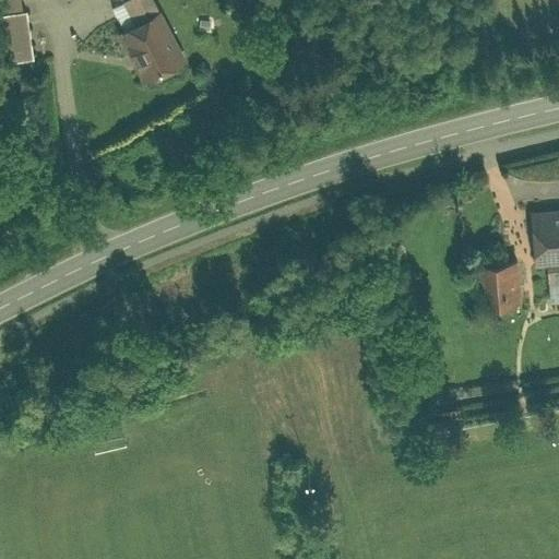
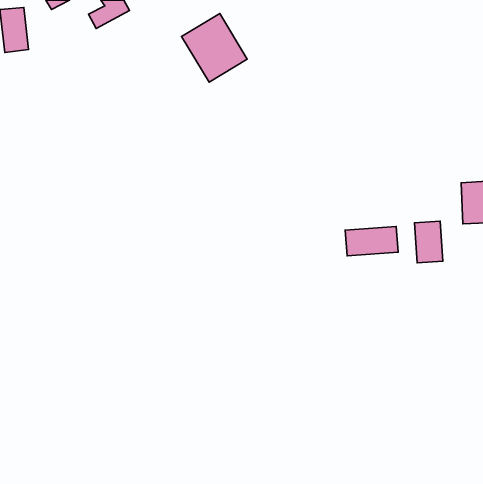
building: [120,14,195,93] -> [182,13,247,82]
building: none -> [345,227,398,256]

